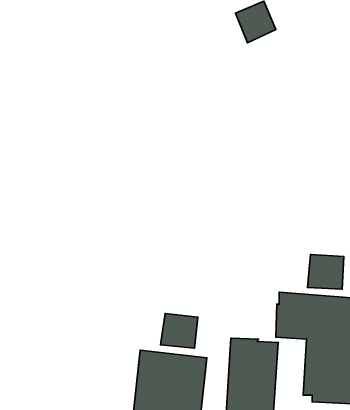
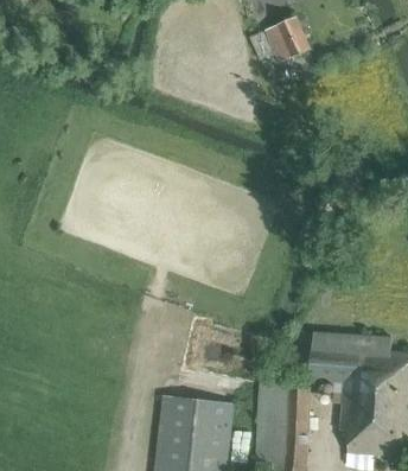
building: [308,254,344,289] -> none
building: [161,314,198,348] -> none

